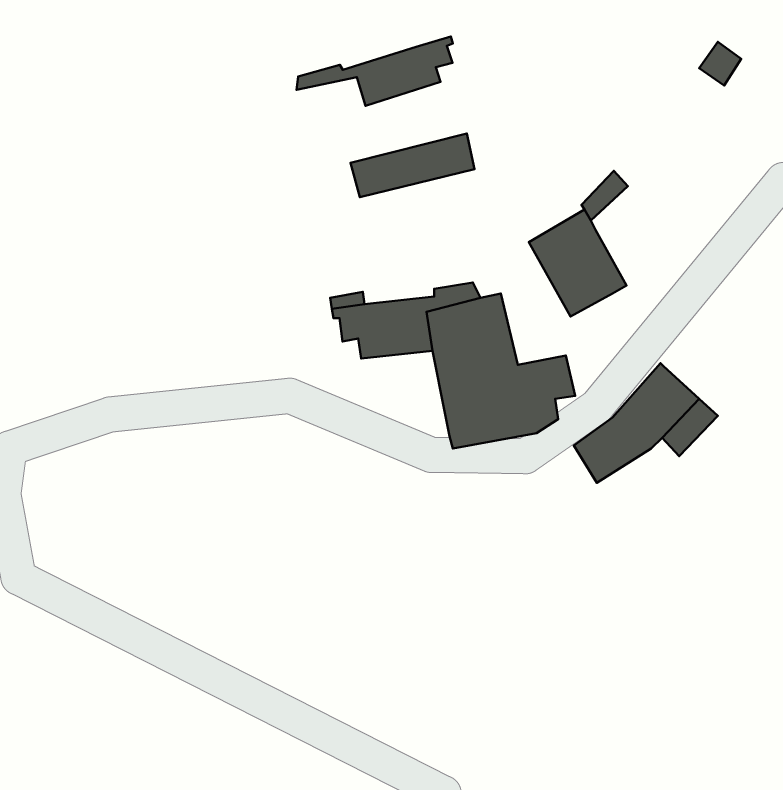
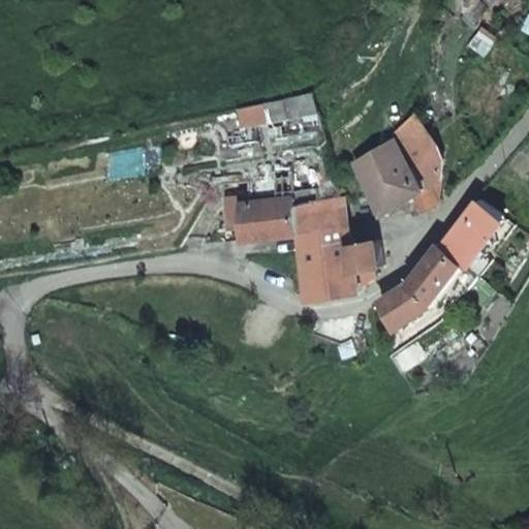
building: [296,37,453,106] -> none
building: none -> [397,145,437,212]
building: none -> [448,201,507,262]

